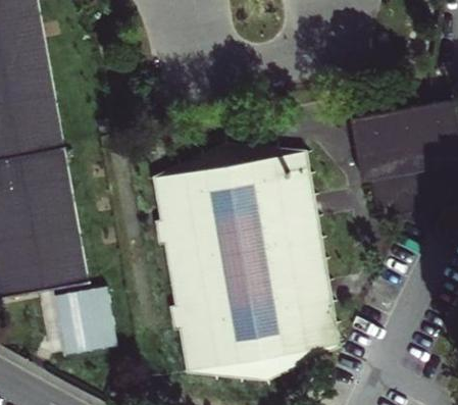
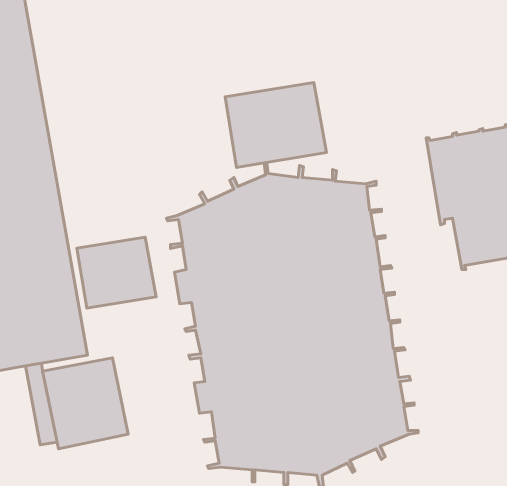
building: none -> [225,82,327,167]
building: none -> [77,237,156,308]

